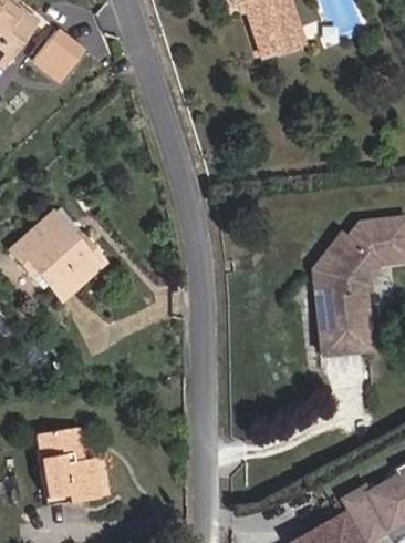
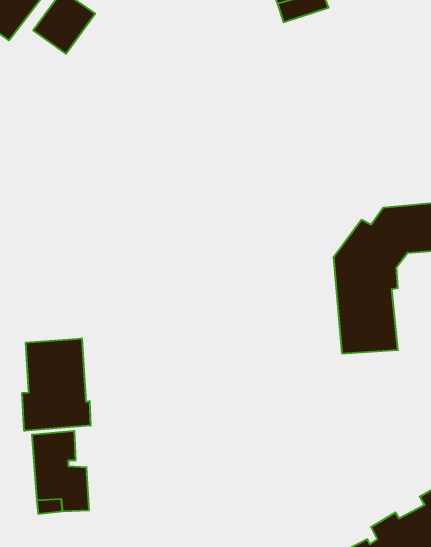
building: [13,206,110,293] -> none
building: none -> [22,338,91,431]

